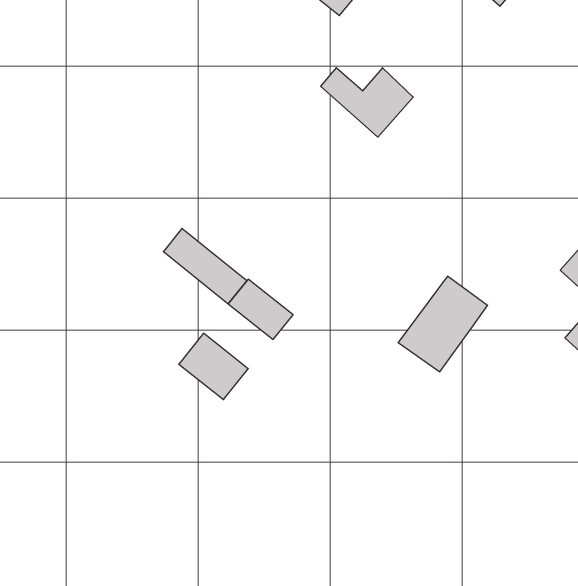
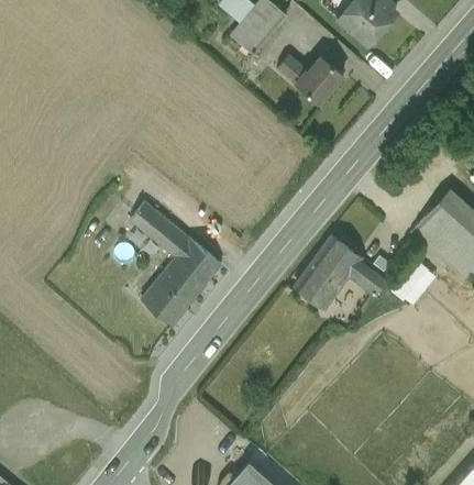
building: [321,68,413,137] -> [277,52,343,101]
building: none -> [157,258,207,305]
building: none -> [349,260,385,294]

